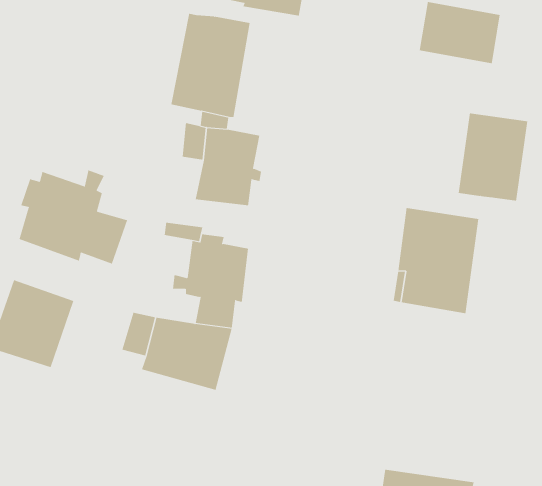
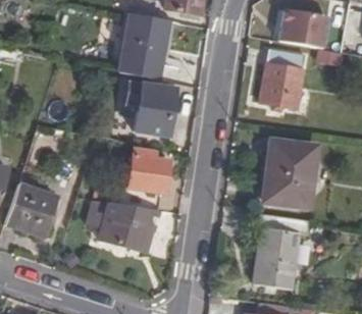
building: [458,113,528,201] -> [260,49,304,104]
building: [19,169,128,265] -> none
building: none -> [255,211,308,295]

